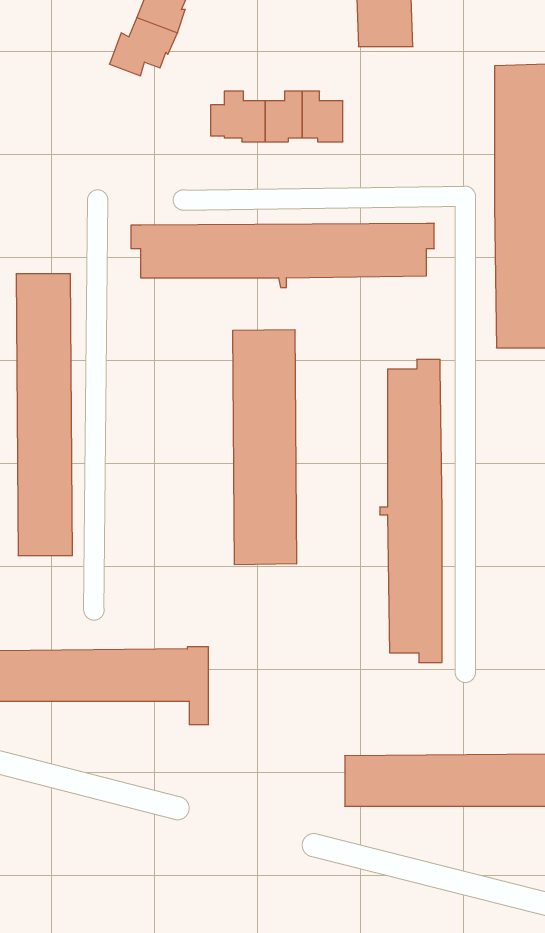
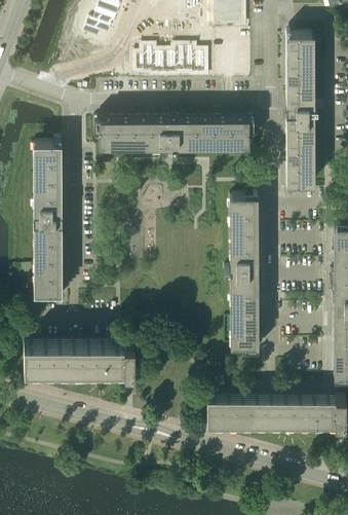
building: [233,330,296,565] -> none

